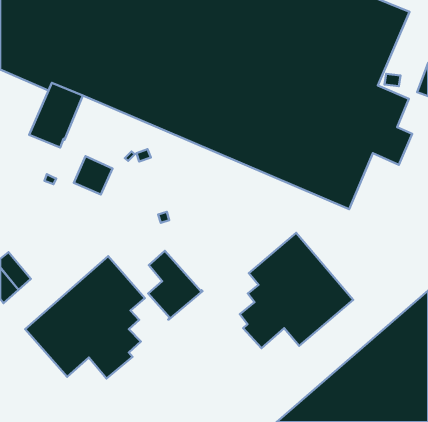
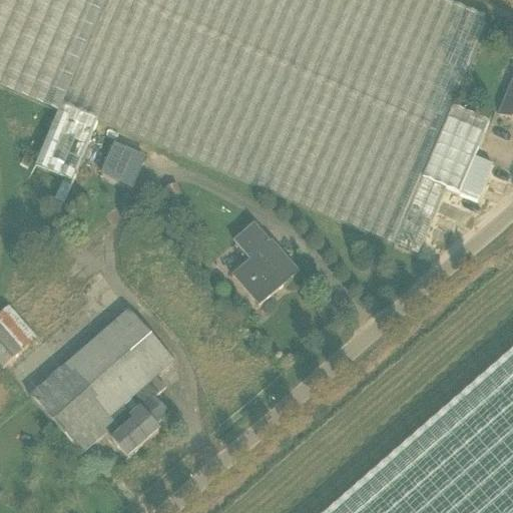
building: [74,156,112,195] -> [100,138,146,184]
building: [240,233,353,348] -> none
building: [148,251,202,320] -> [233,219,299,302]

